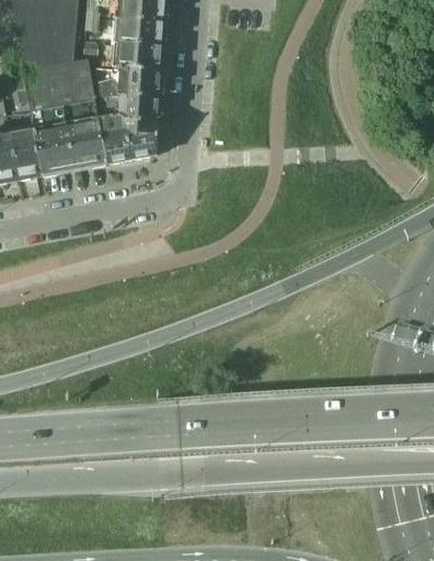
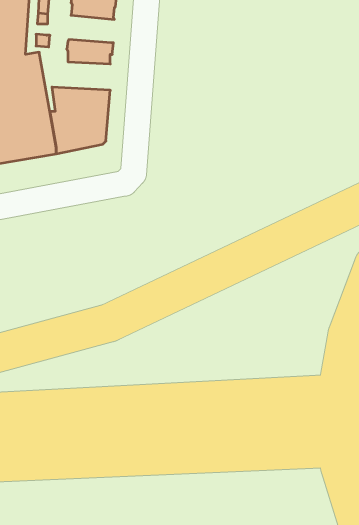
building: [116,18,163,46] -> none
building: [96,65,160,95] -> none

